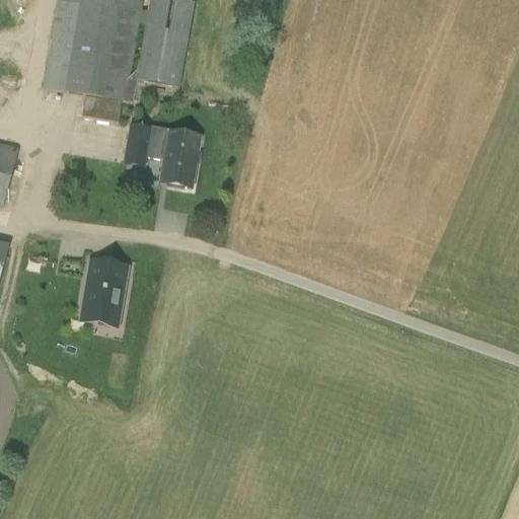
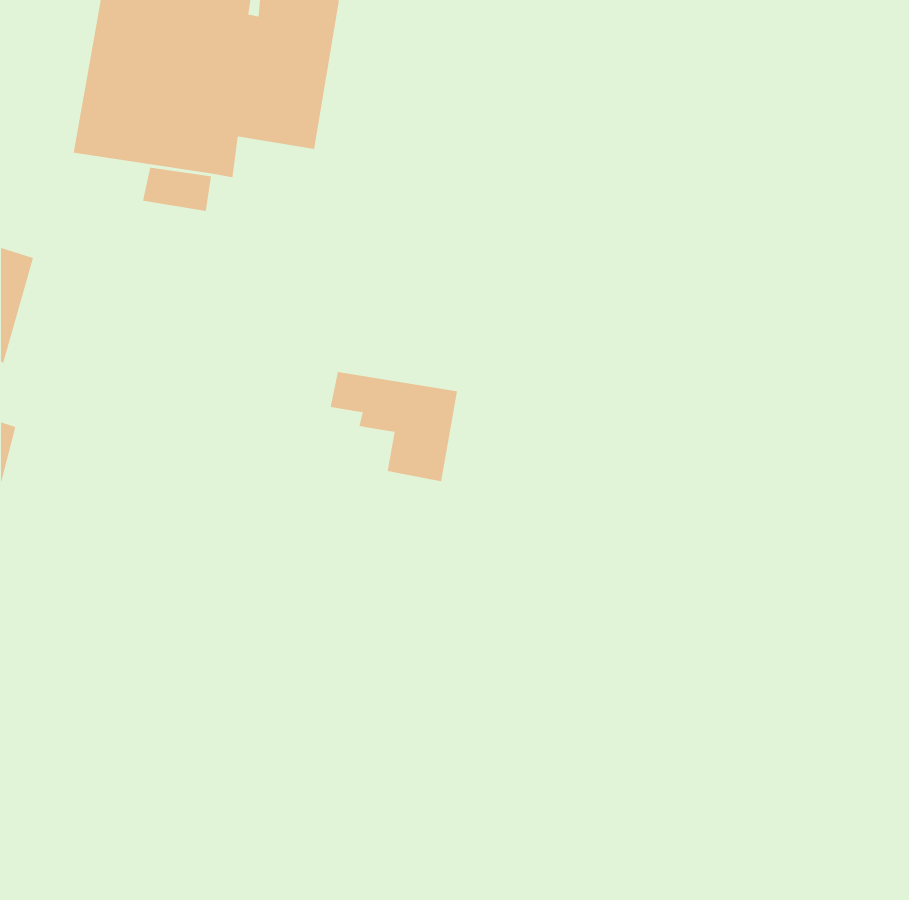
building: [127,124,200,187] -> [330,372,458,482]
building: [82,260,126,321] -> none

